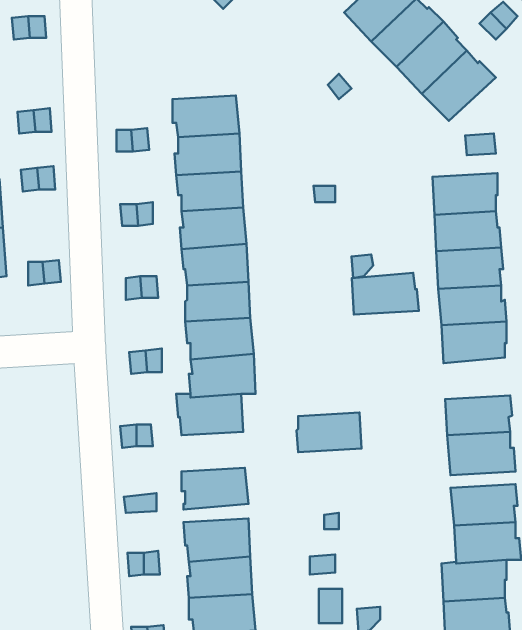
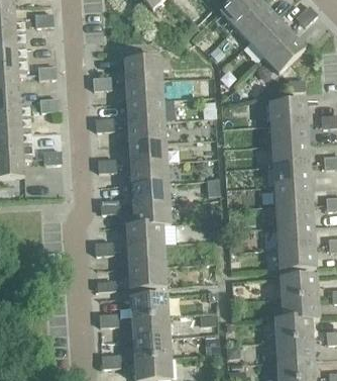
building: [352,273,419,314] -> [275,204,313,227]
building: [296,412,361,452] -> [128,246,164,268]

